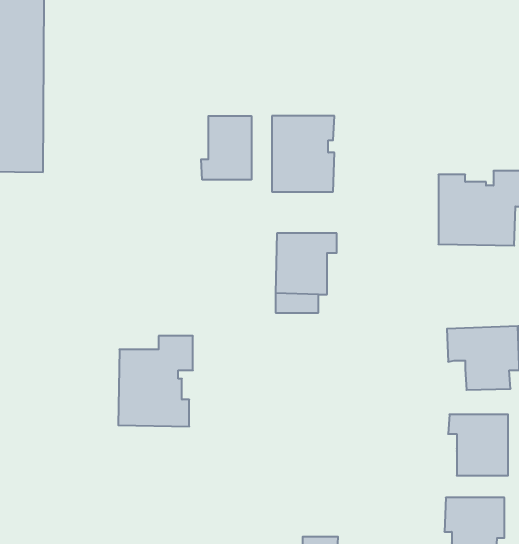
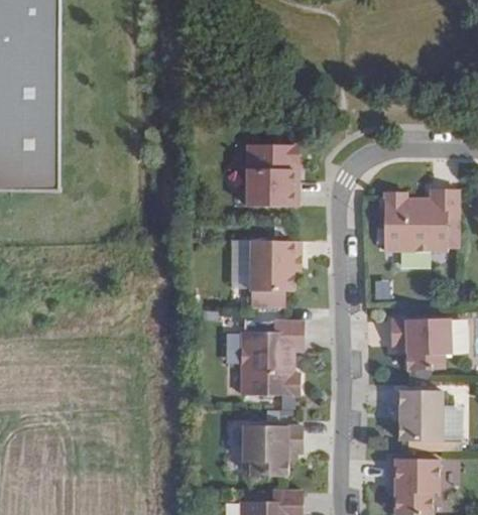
building: [201,116,251,180] -> none
building: [118,336,193,426] -> [240,320,302,395]
building: none -> [242,425,301,476]

